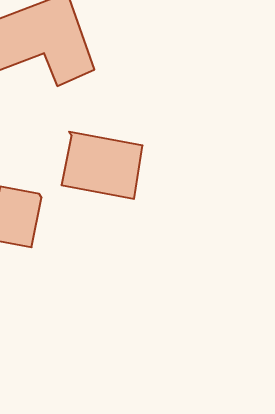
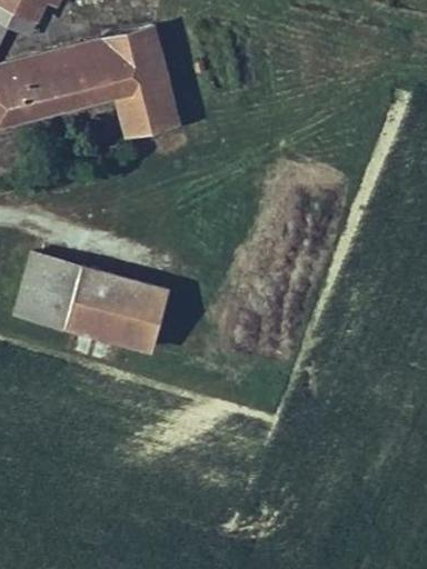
building: [61,132,143,199] -> [73,261,176,350]

